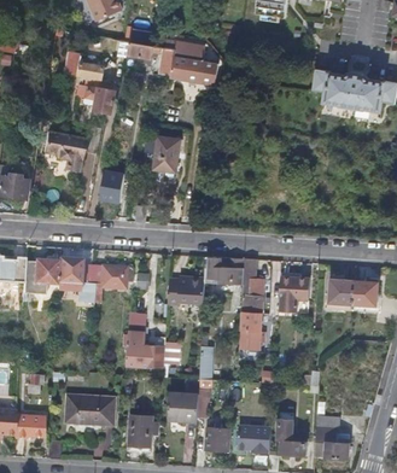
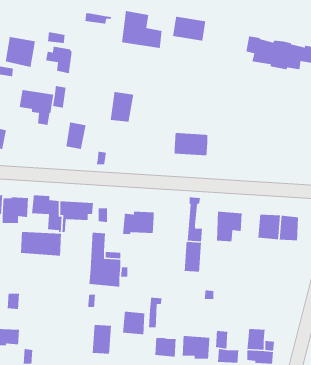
building: none -> [172,16,206,41]
building: none -> [5,36,36,68]
building: [205,257,246,286] -> [174,132,208,156]
building: [66,395,116,425] -> [20,231,62,256]

